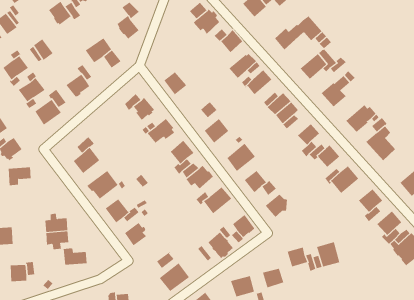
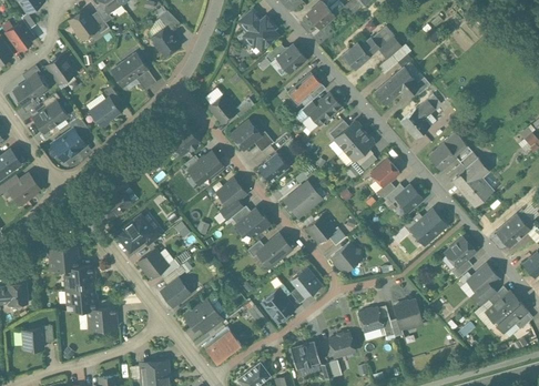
building: none -> [231,121,261,150]
building: [8,167,32,186] -> [49,247,78,271]
building: none -> [184,299,216,326]

